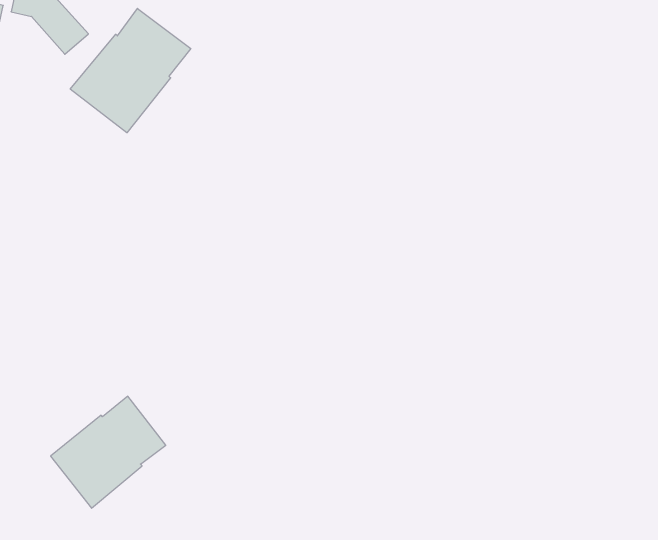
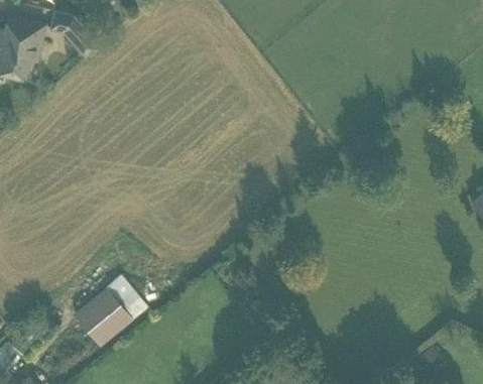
building: [70,8,191,133] -> none

